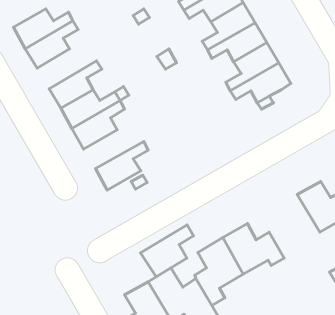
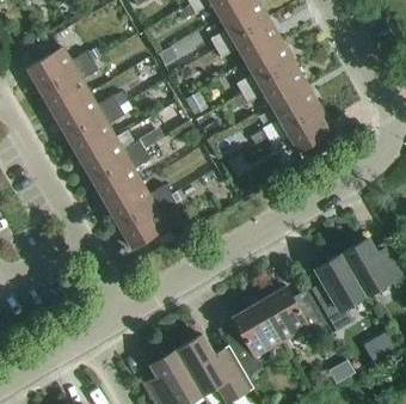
building: none -> [53,91,118,135]
building: none -> [104,180,171,224]
building: none -> [314,252,365,330]
building: [141,225,193,277] -> none

